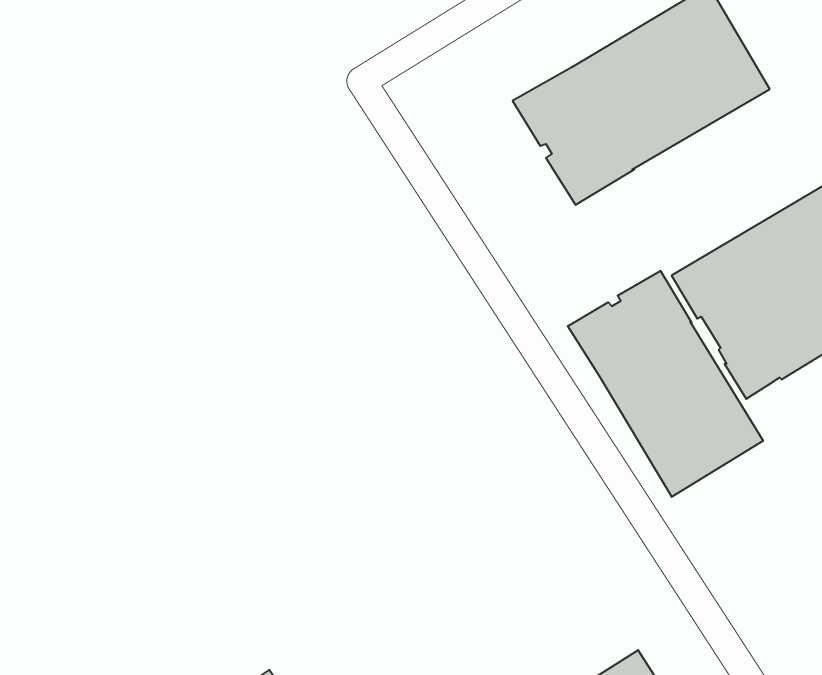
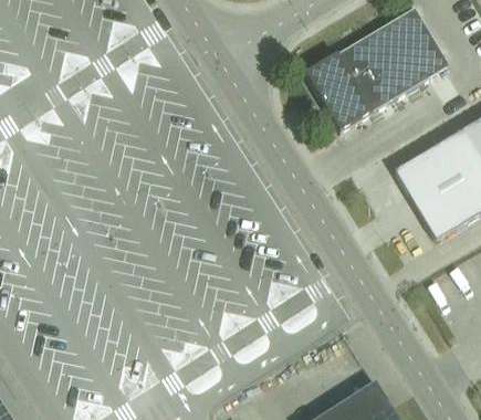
building: [568,271,763,497] -> none

